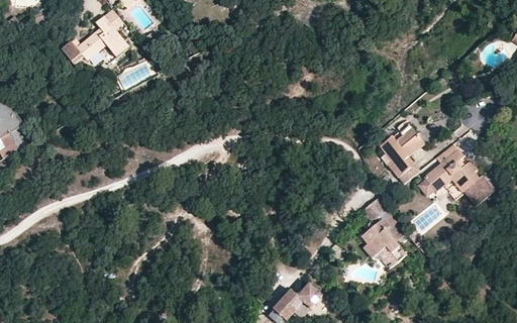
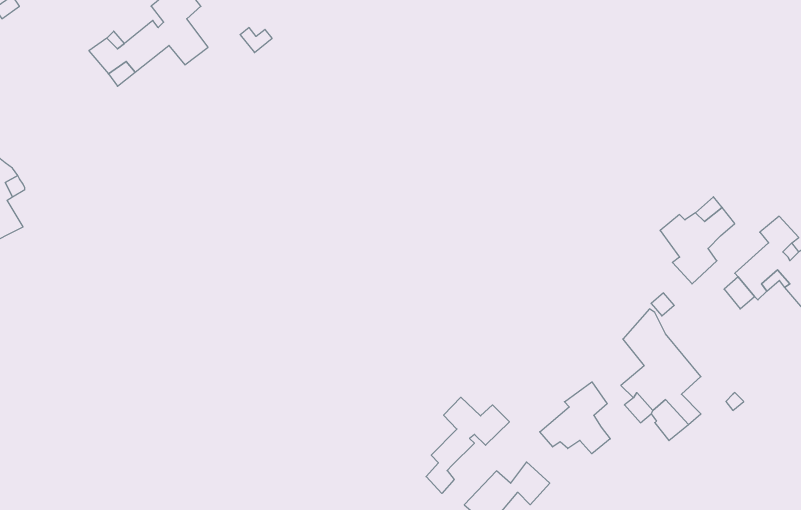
building: none -> [540,382,610,454]
building: none -> [426,397,509,493]

